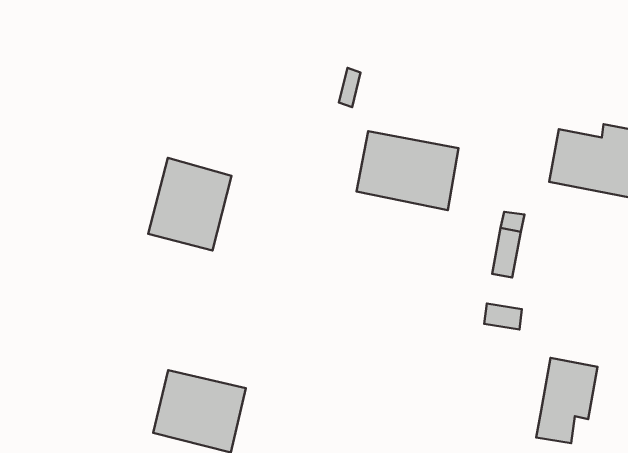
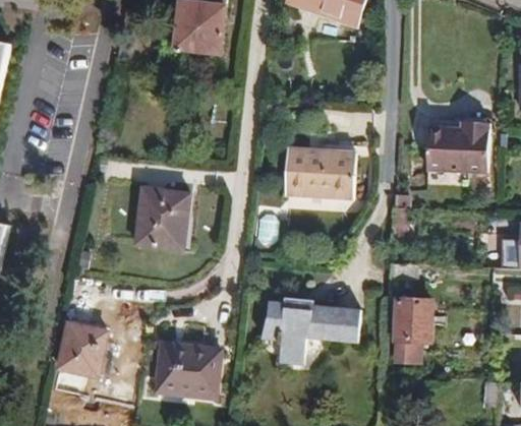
building: none -> [58,322,107,376]
building: none -> [259,298,361,365]
building: [536,358,598,443] -> [394,299,432,360]

